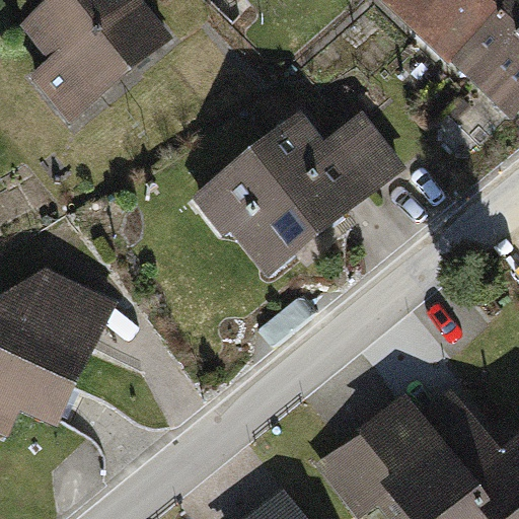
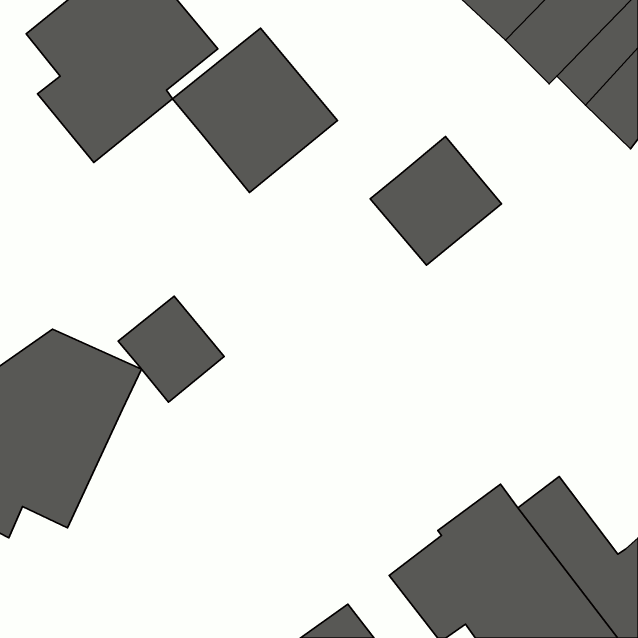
building: none -> [173,28,338,193]
building: [193,110,346,279] -> none
building: none -> [118,296,224,402]

